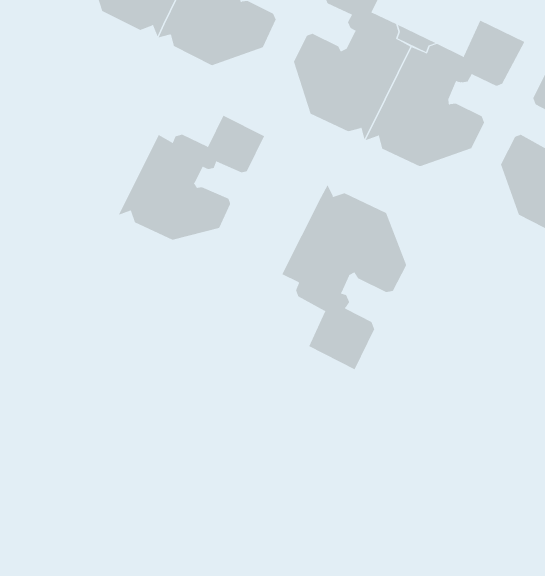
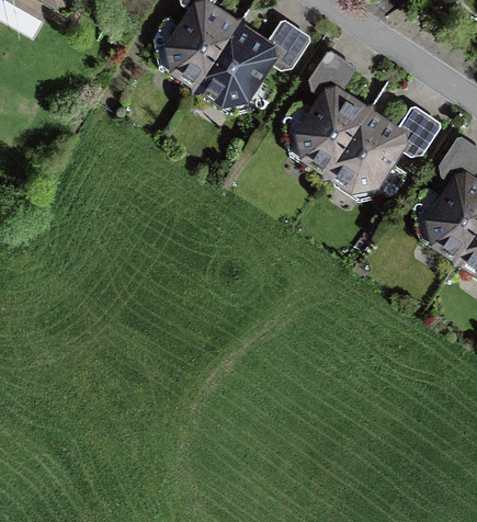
building: [118,115,265,241] -> none
building: [281,184,407,370] -> none

